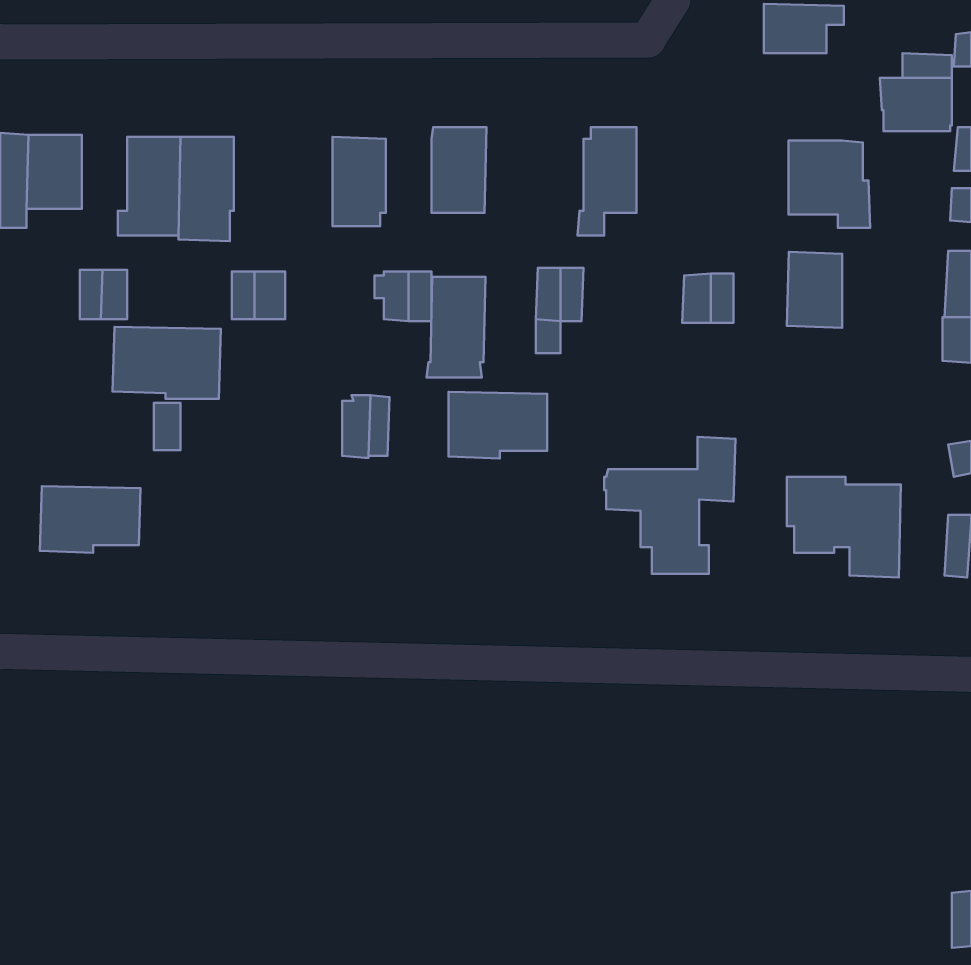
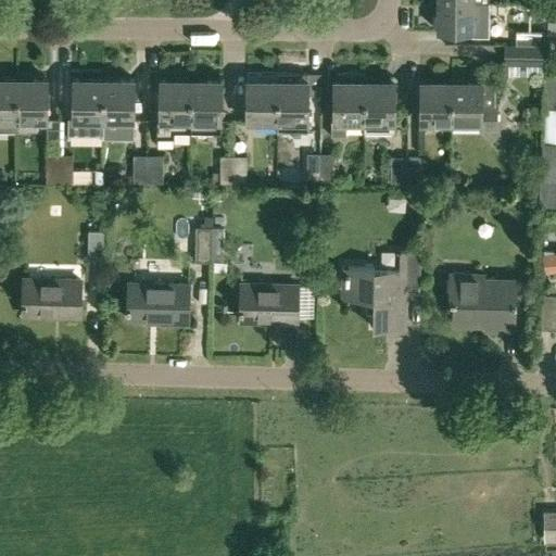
building: none -> [156,81,190,139]
building: none -> [364,83,394,135]
building: [787,252,842,328] -> [419,83,451,126]
building: [427,277,486,377] -> [275,76,308,134]
building: [112,327,221,399] -> [127,285,189,326]
building: [448,392,547,458] -> [240,287,296,325]

